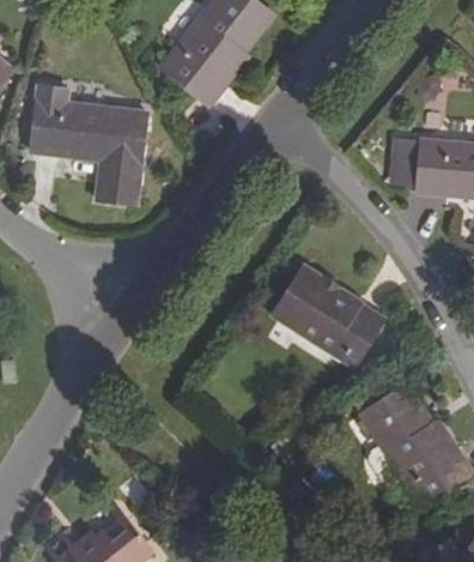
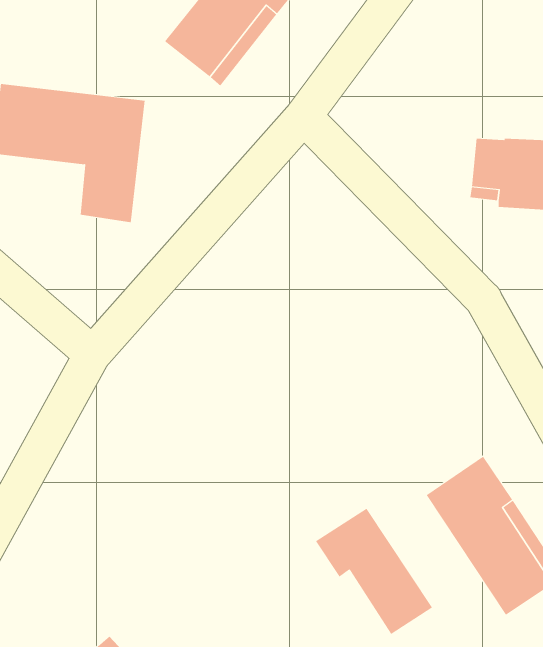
building: [272,265,384,365] -> none
building: none -> [315,508,433,635]

